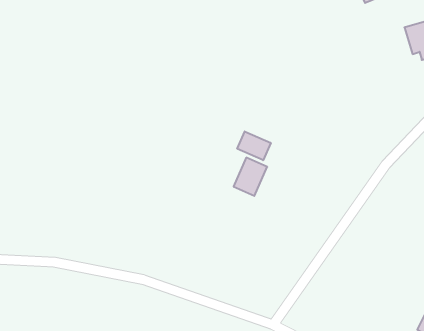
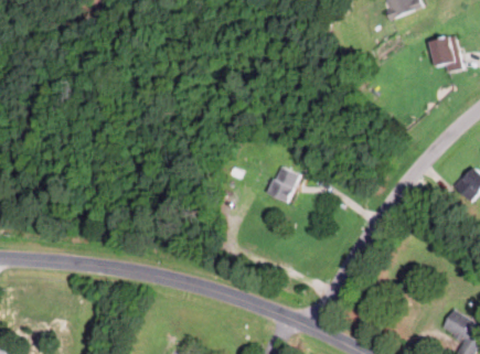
building: [237,131,271,160] -> none

